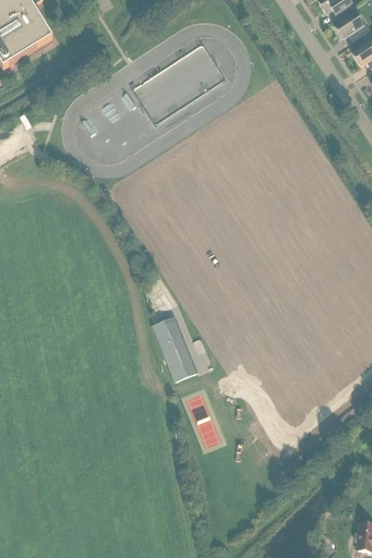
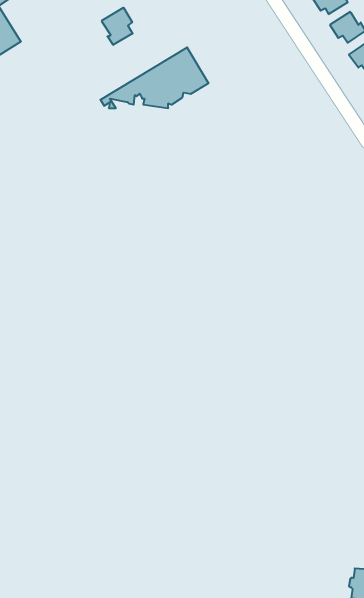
building: none -> [102,8,133,45]
building: [154,317,197,381] -> none

